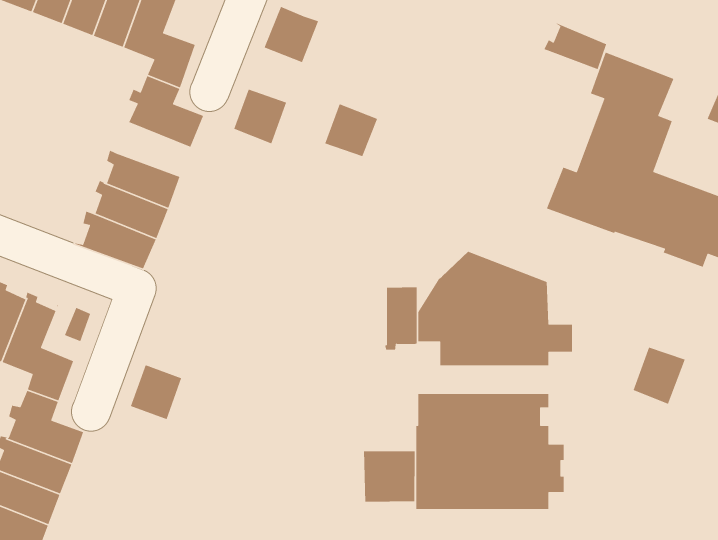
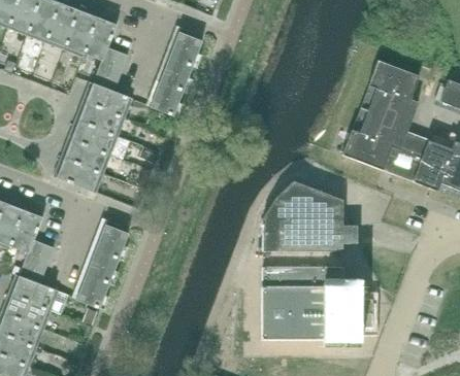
building: [543,22,607,70] -> none
building: [324,103,378,157] -> [159,57,192,90]
building: none -> [78,100,124,135]
building: [384,287,417,350] -> none
building: none -> [96,224,128,258]
building: [633,346,686,405] -> none
building: none -> [77,275,109,308]
building: [363,451,416,502] -> none

